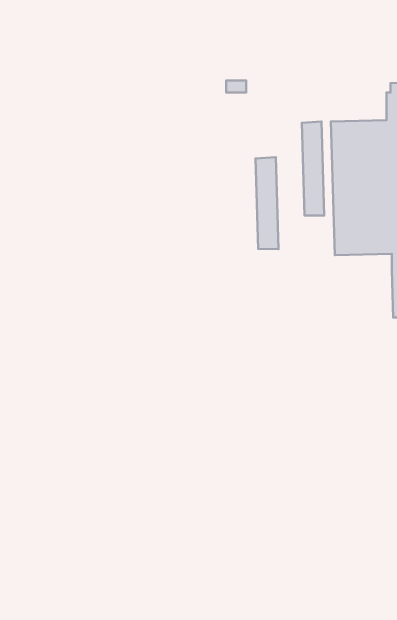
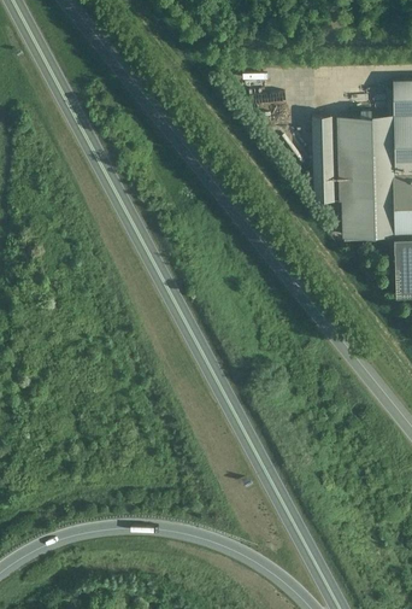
building: [256,157,278,249] -> none

